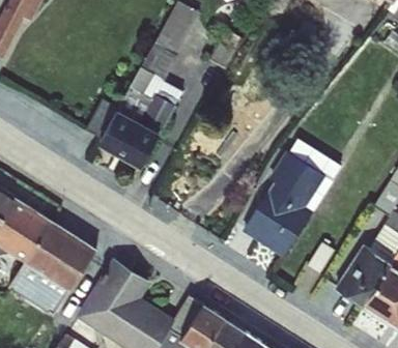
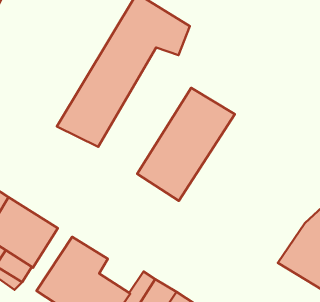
building: [238,136,343,257] -> [137,88,235,201]

